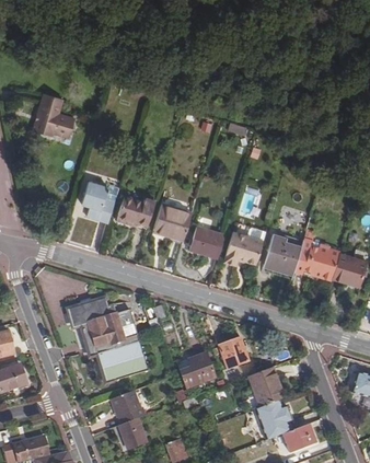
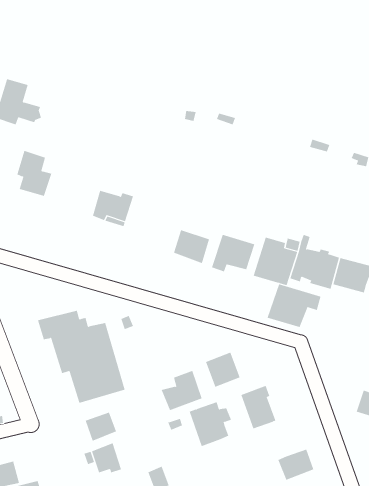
building: [82,183,114,224] -> [16,150,52,197]
building: [155,200,192,235] -> none
building: none -> [267,283,321,328]
building: [255,400,293,440] -> [189,402,232,447]

